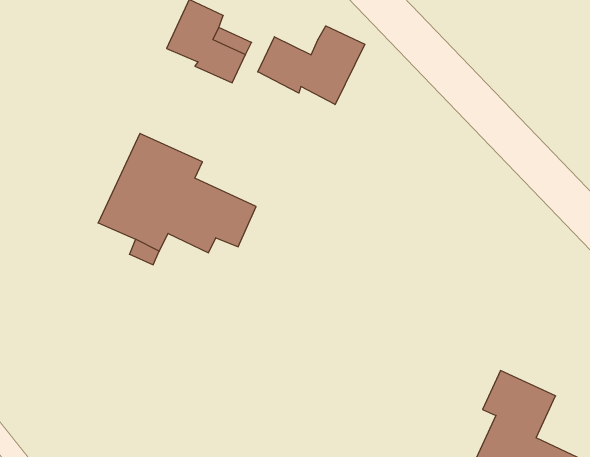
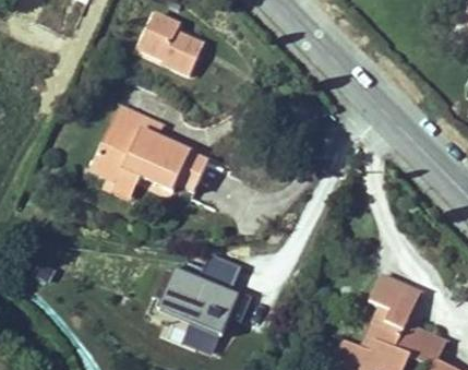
building: [258,26,365,105] -> none
building: none -> [154,241,243,338]

